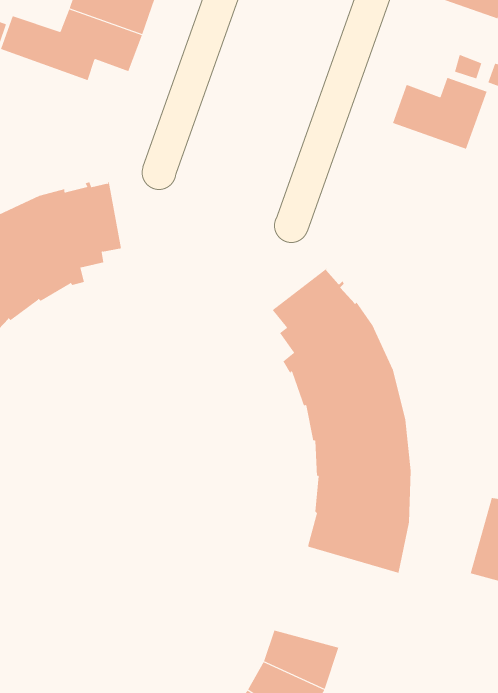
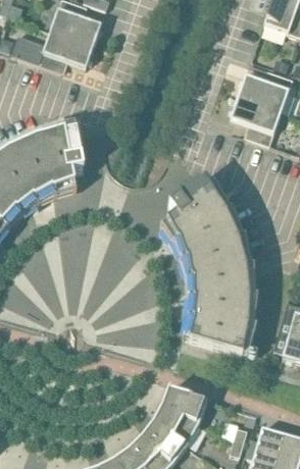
building: none -> [231,96,281,144]

